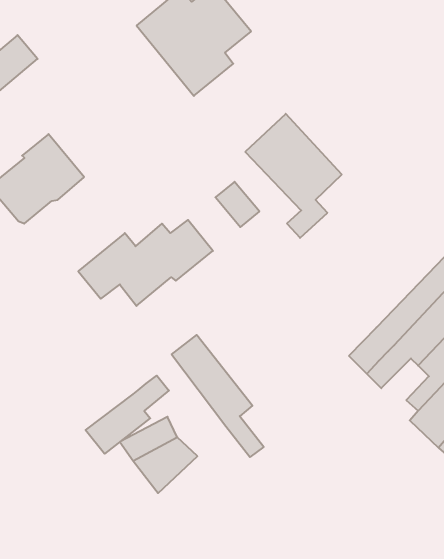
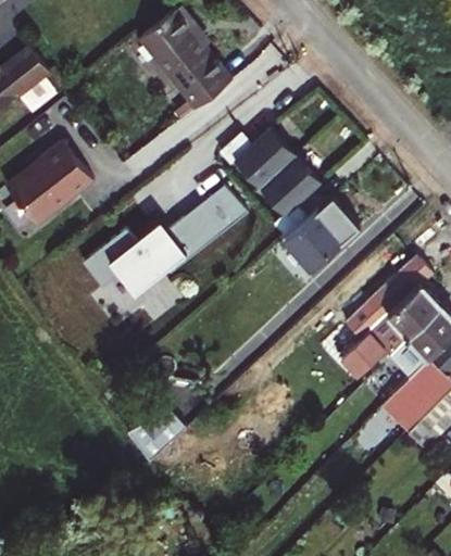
building: none -> [286,192,363,268]
building: none -> [184,201,231,250]
building: [172,335,264,457] -> none
building: [86,376,169,454] -> none

